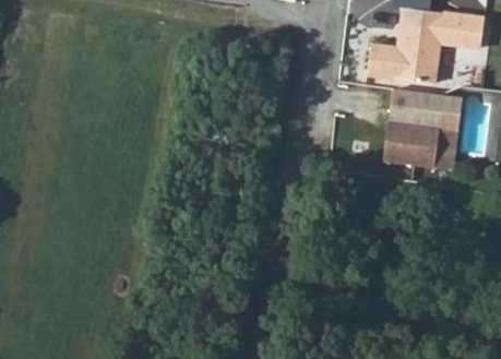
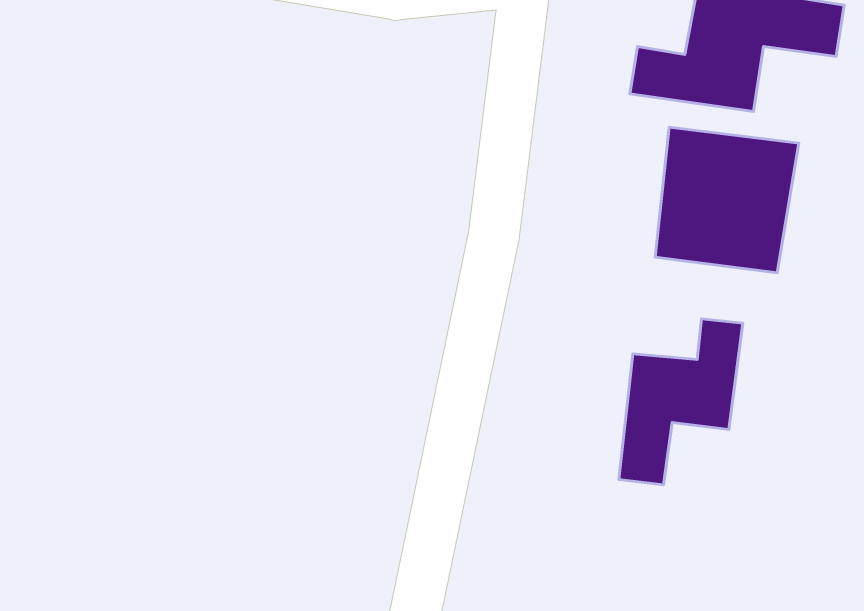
building: none -> [619,319,743,485]

